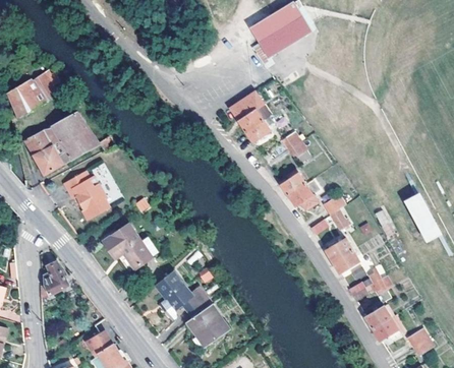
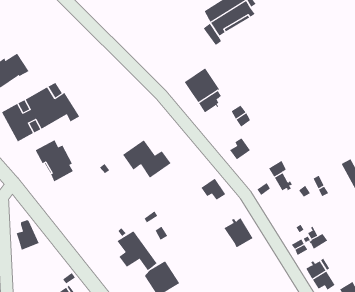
building: [289,183,318,208] -> [201,178,226,201]
building: [103,224,158,267] -> [122,139,171,179]
building: [326,237,359,271] -> [224,217,254,248]

